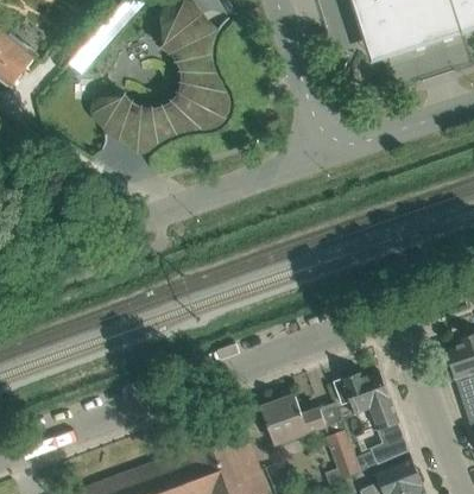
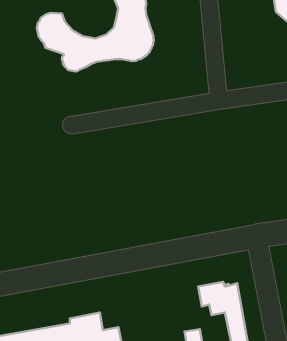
building: [261,397,326,444] -> none

